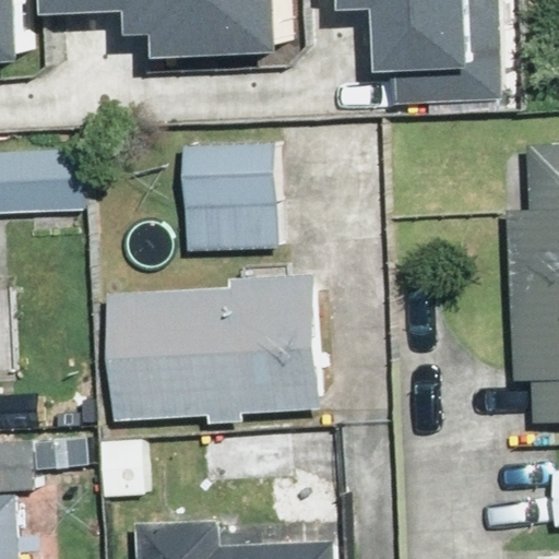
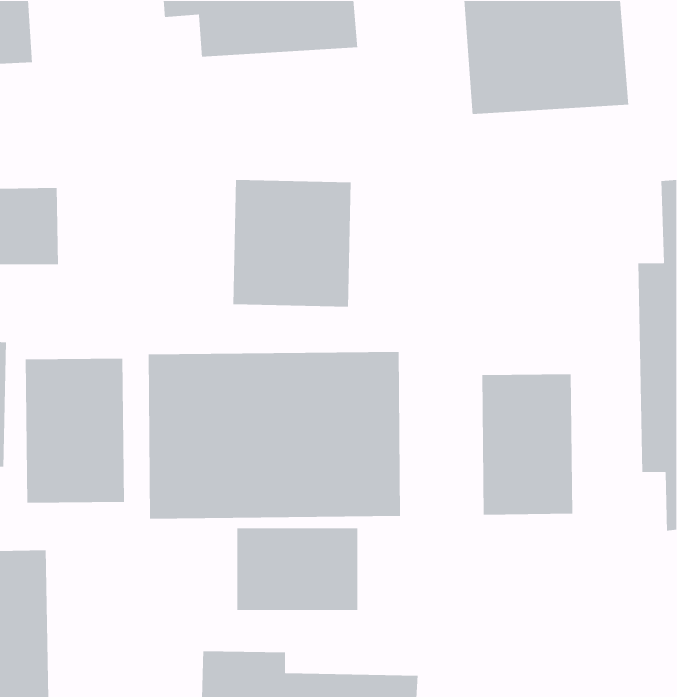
building: none -> [25,358,125,504]
building: none -> [481,373,573,515]

